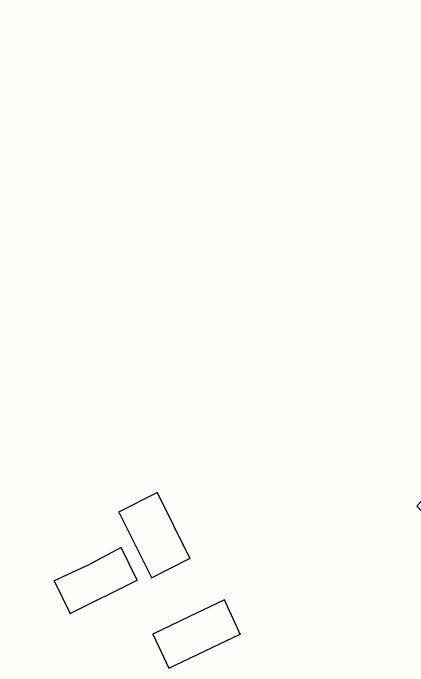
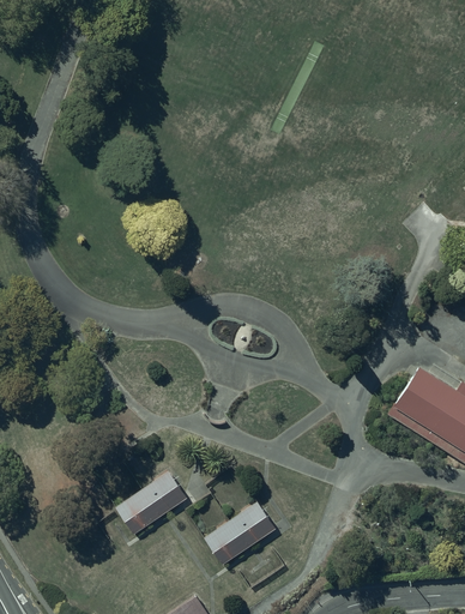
building: [119,492,190,578] -> none

